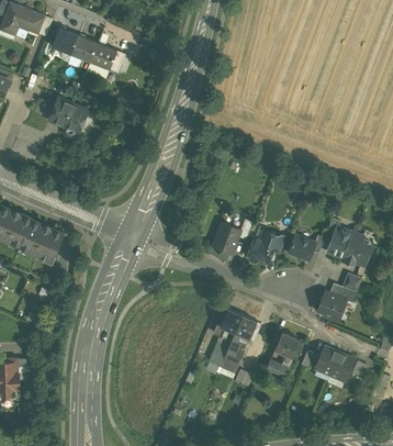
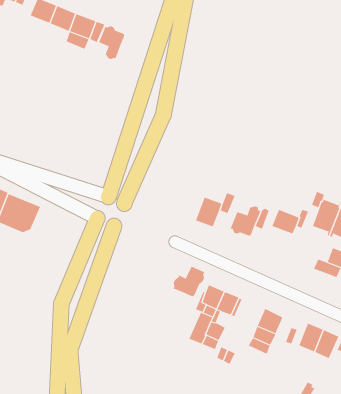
building: none -> [99,25,125,60]
building: [48,98,87,136] -> none
building: none -> [172,266,205,297]
building: [317,292,346,321] -> none

